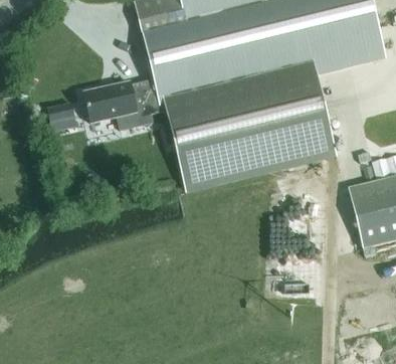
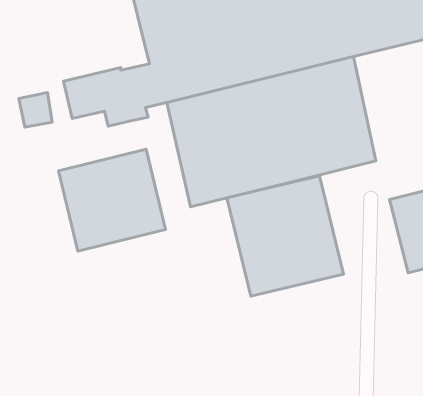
building: none -> [58,149,165,251]
building: none -> [227,176,343,296]

